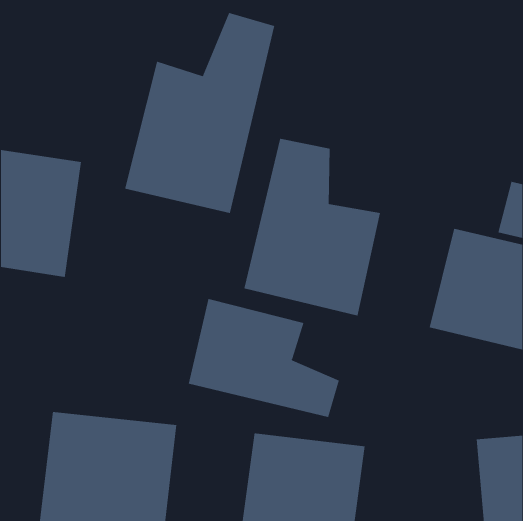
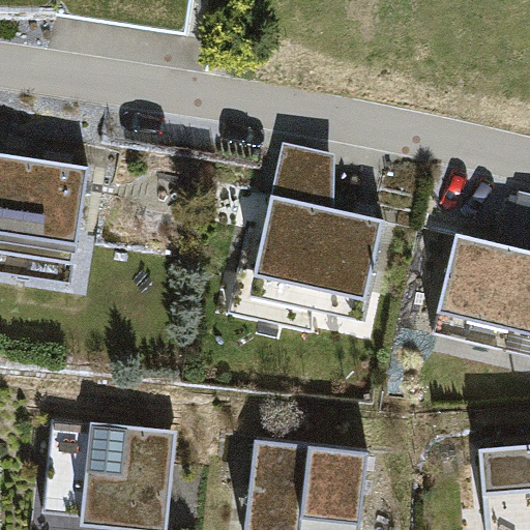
building: [124,12,275,214] -> none
building: [188,298,339,418] -> none

